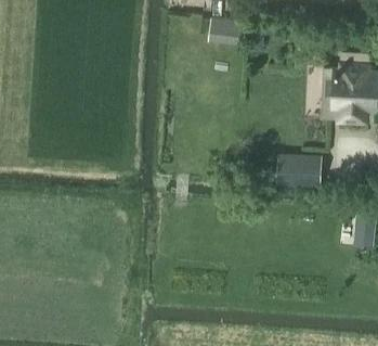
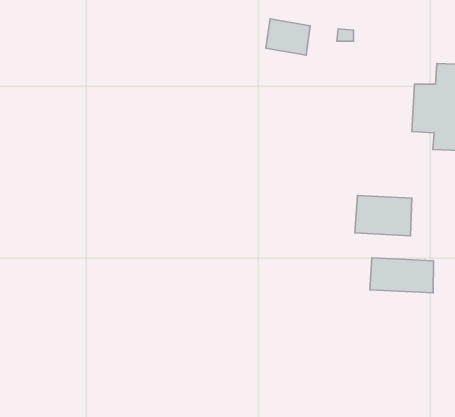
building: none -> [370,258,434,293]

